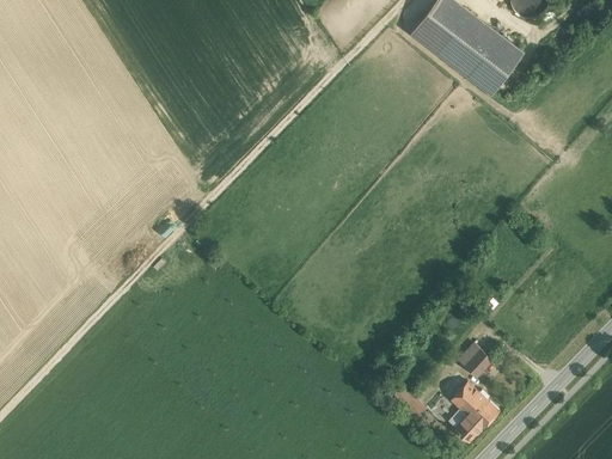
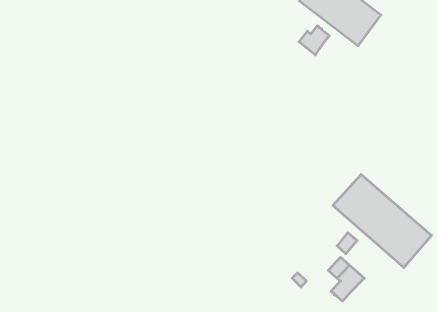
building: none -> [299,26,329,55]
building: none -> [333,174,432,268]

